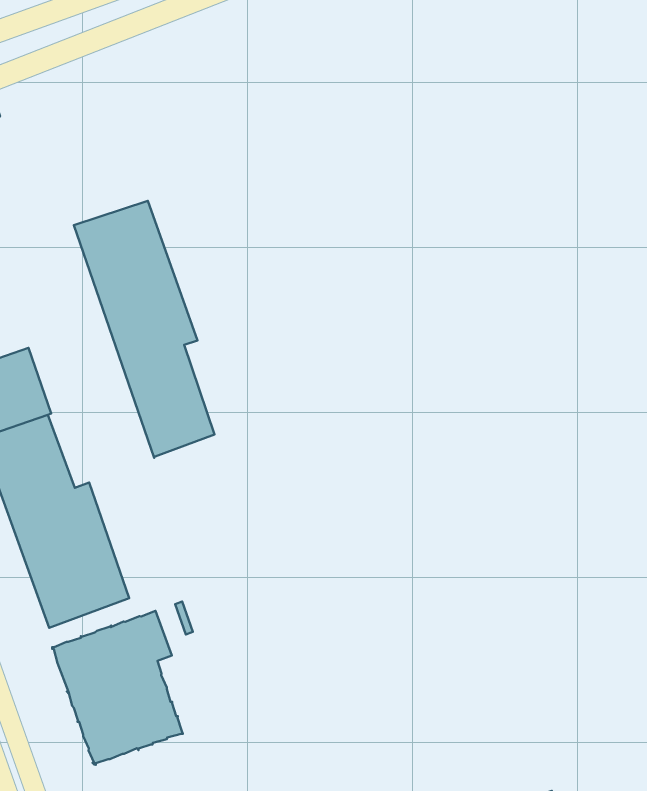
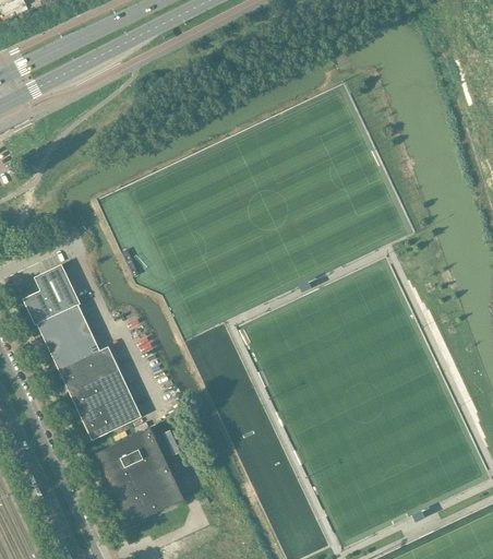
building: [74,201,215,458] -> none

